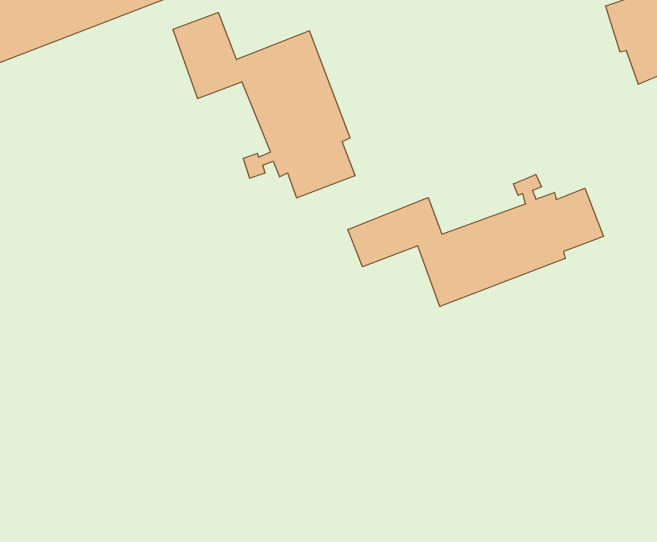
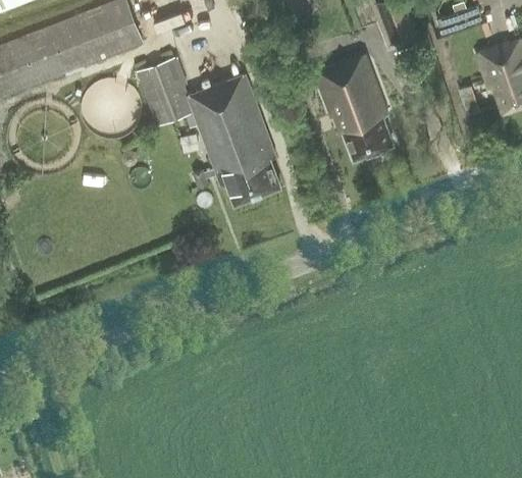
building: none -> [315,54,393,159]
building: [348,174,603,307] -> none

